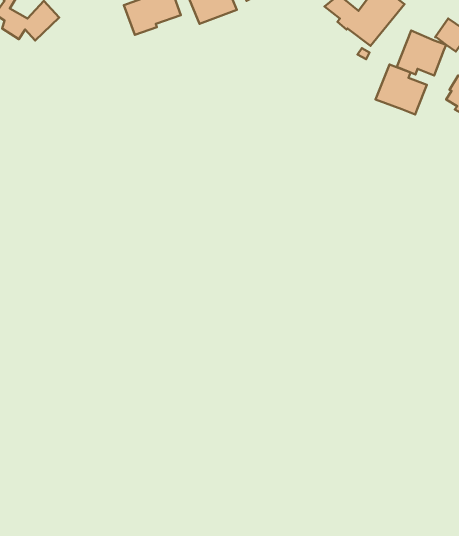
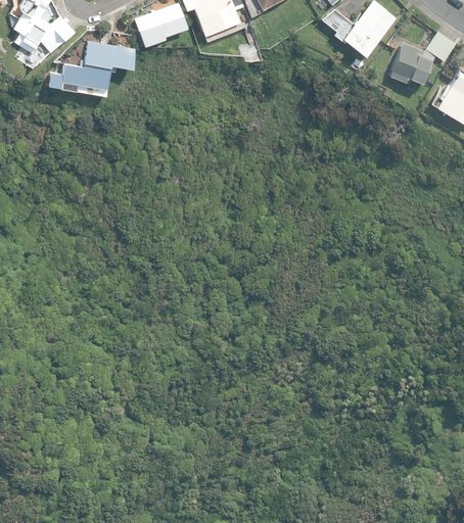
building: none -> [49,38,136,96]
building: [376,64,427,115] -> none

